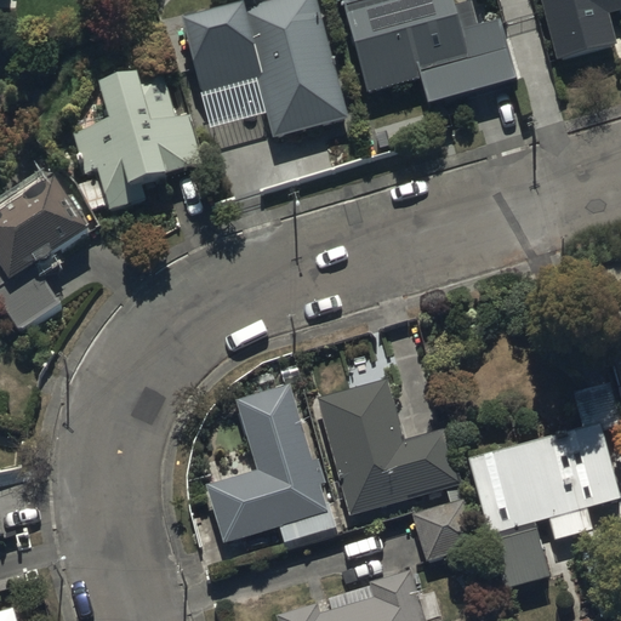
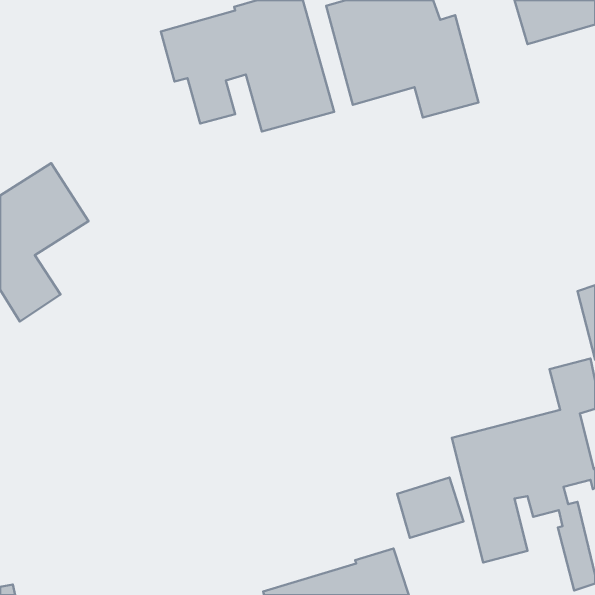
building: [74,72,205,212] -> none
building: [318,378,462,514] -> none
building: [207,382,340,548] -> none

